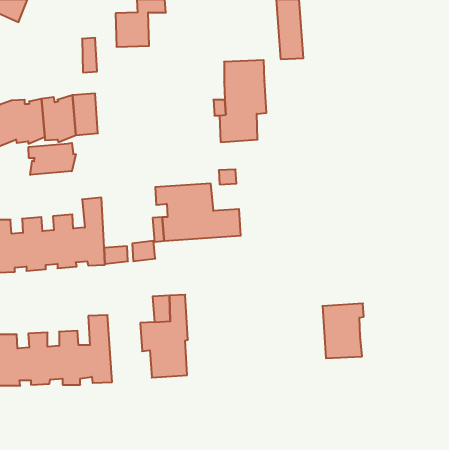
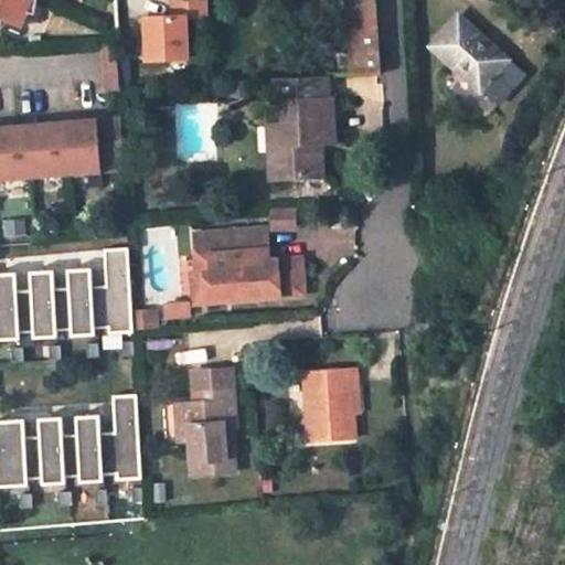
building: none -> [429,13,523,103]
building: [29,143,76,175] -> none
building: [322,303,364,358] -> [305,369,356,437]

